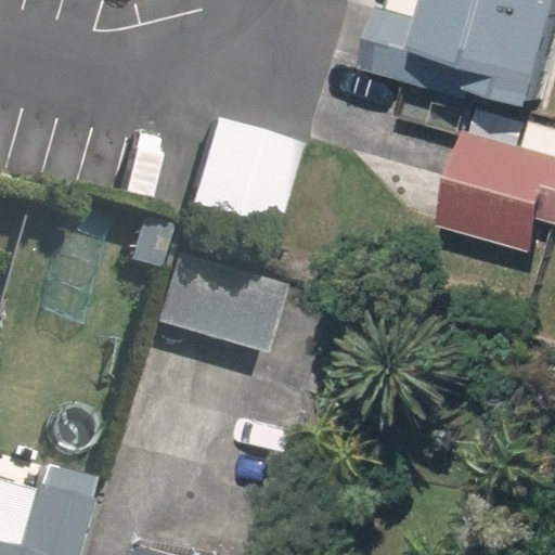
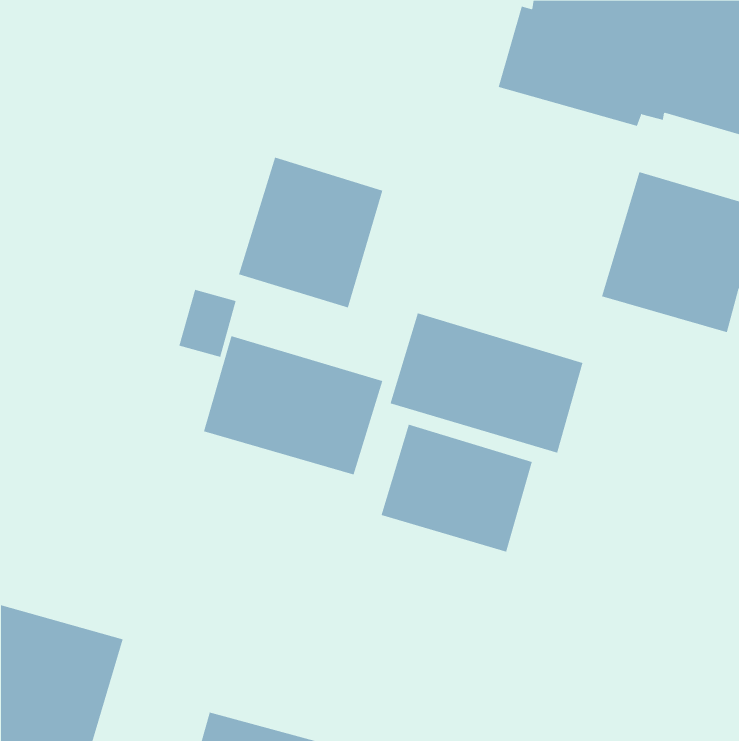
building: none -> [390,312,583,453]
building: none -> [381,424,532,552]

